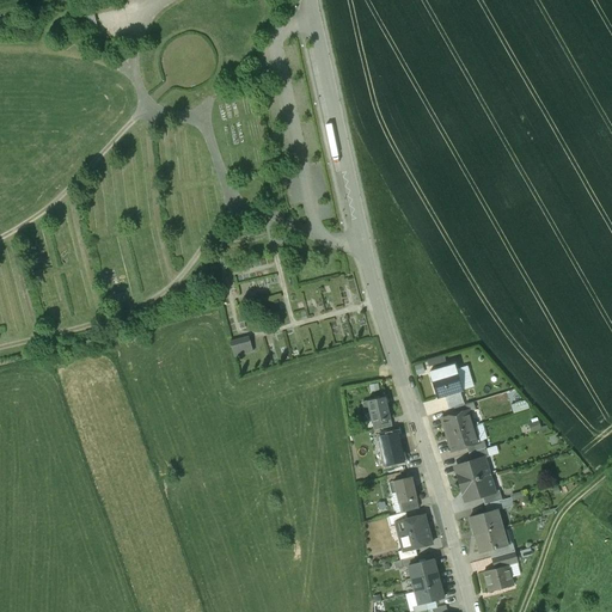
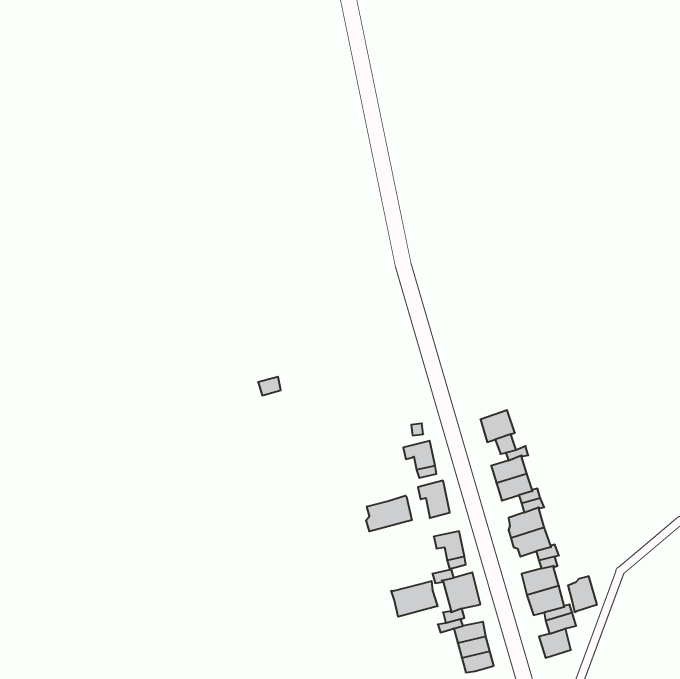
building: none -> [366,496,412,531]
building: none -> [568,576,597,612]
building: none -> [391,581,438,617]

